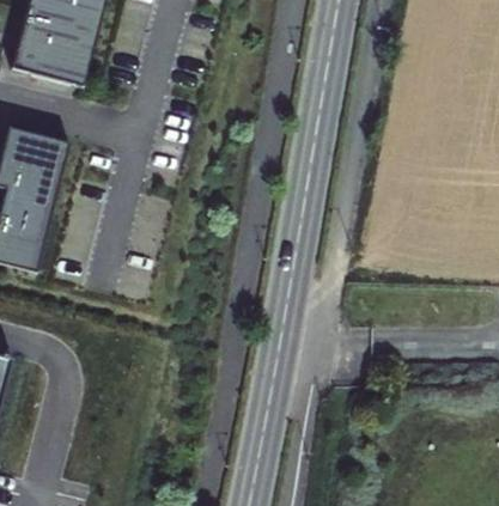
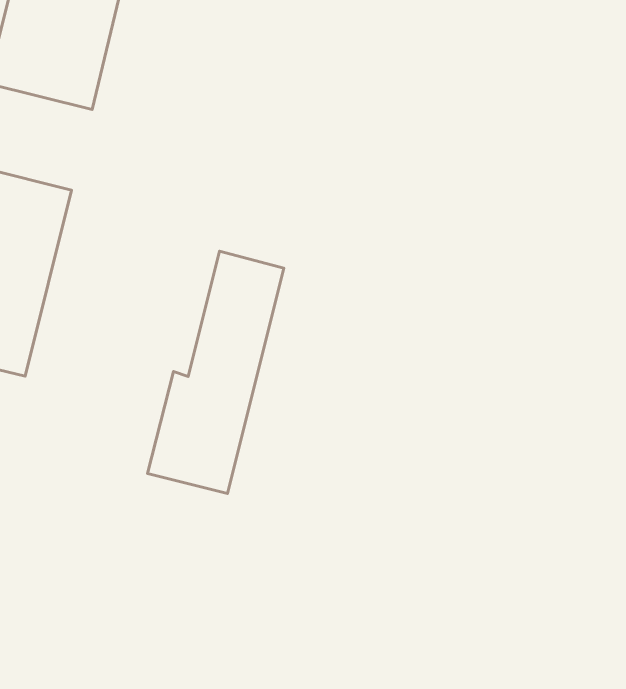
building: none -> [147,251,284,494]

